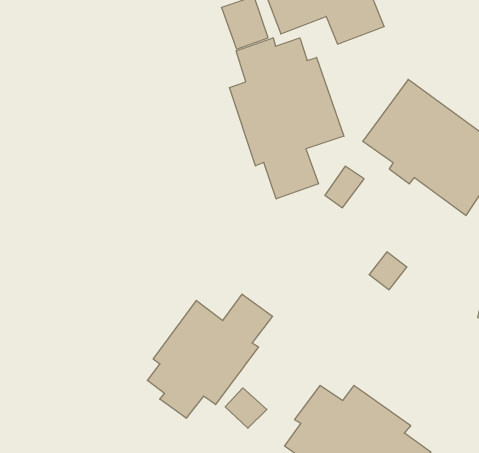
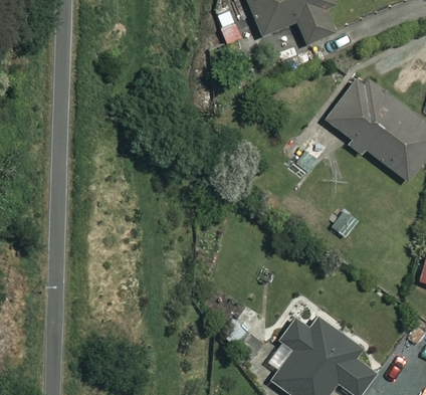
building: [229,38,344,199] -> none
building: [147,294,272,418] -> none

